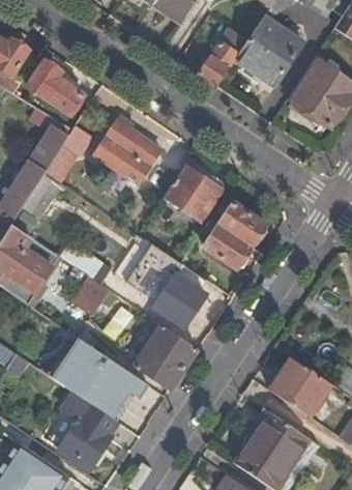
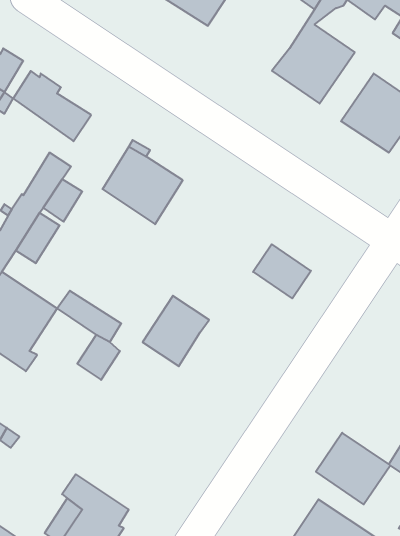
building: [189,27,248,87] -> none
building: [167,166,222,218] -> none
building: [204,225,251,268] -> none
building: [154,275,206,327] -> none
building: [137,324,198,386] -> none
building: [46,334,148,421] -> none

